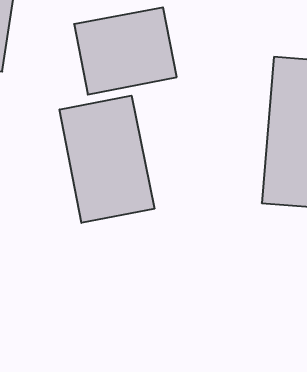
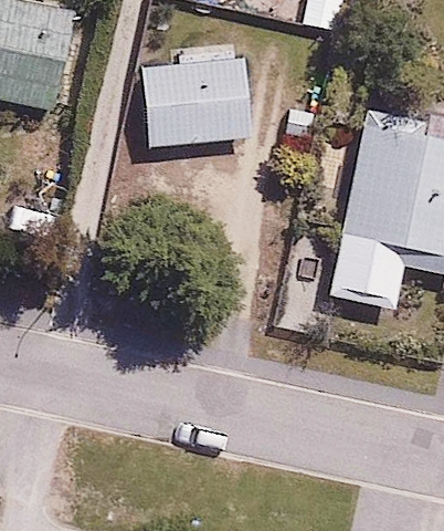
building: [60,96,154,223] -> none

